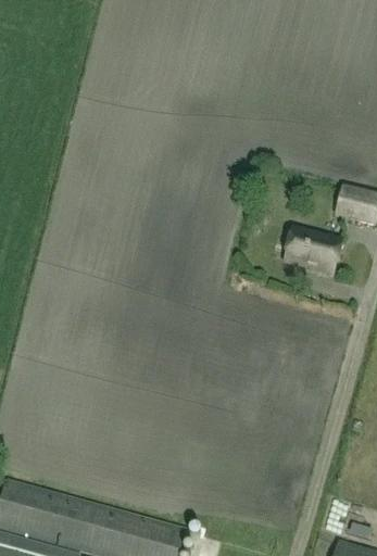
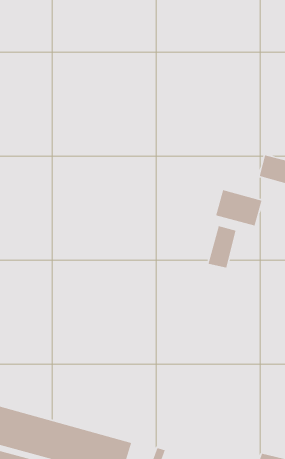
building: none -> [207,225,236,269]

